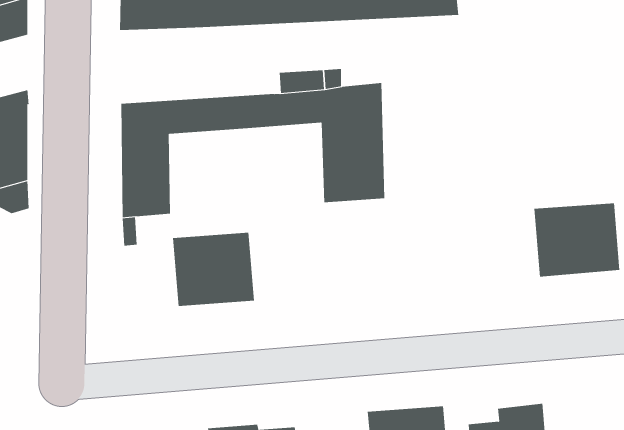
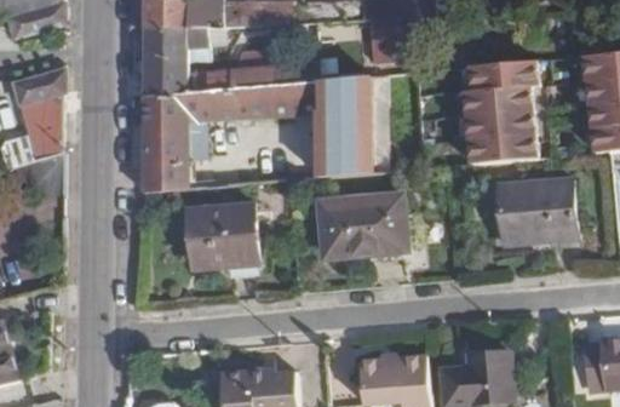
building: none -> [142,27,276,92]
building: none -> [469,62,528,166]
building: none -> [320,191,406,257]

